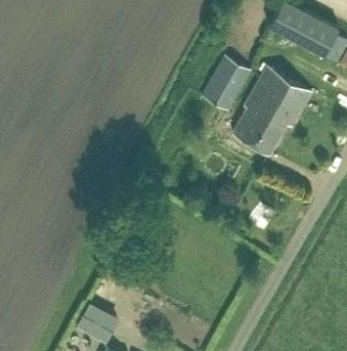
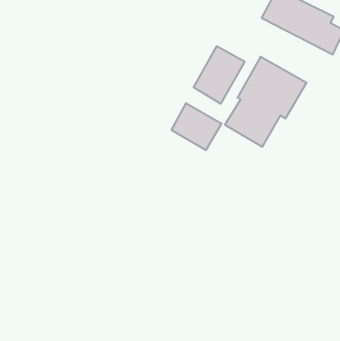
building: none -> [172,103,222,150]
building: [77,303,117,340] -> none

